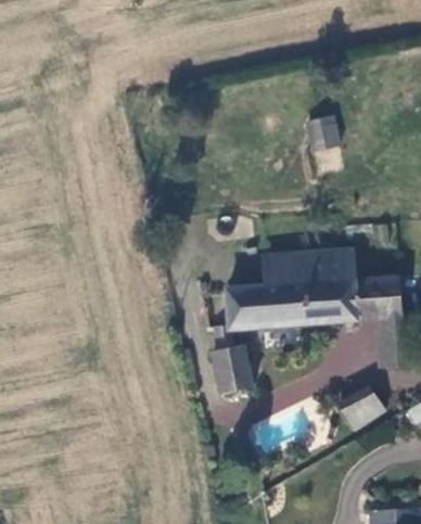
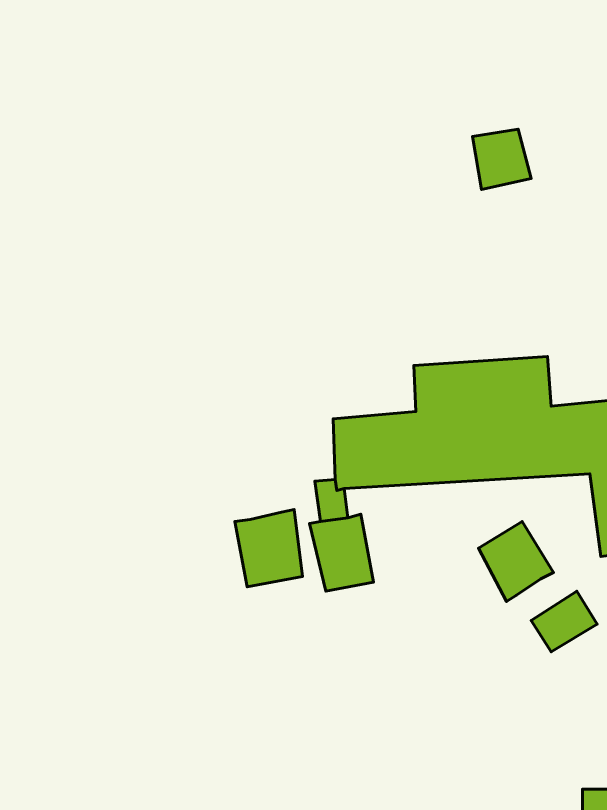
building: none -> [235,510,303,587]
building: none -> [478,521,553,602]

